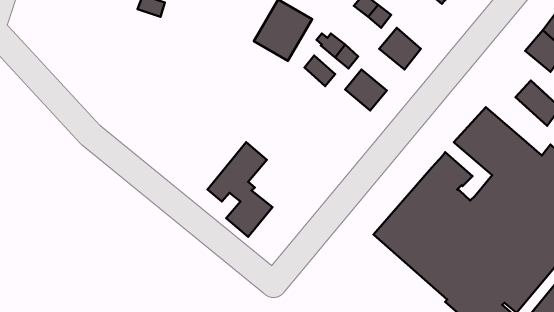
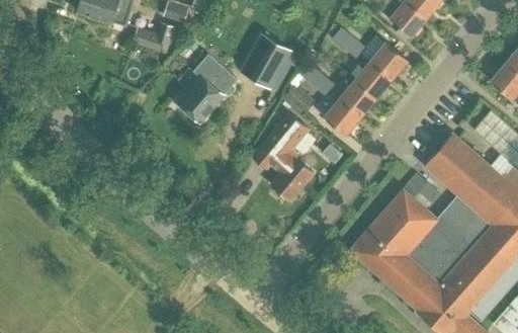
building: none -> [370,40,409,78]
building: none -> [179,54,237,121]
building: none -> [338,78,377,116]
building: [208,142,272,237] -> [254,113,314,200]

